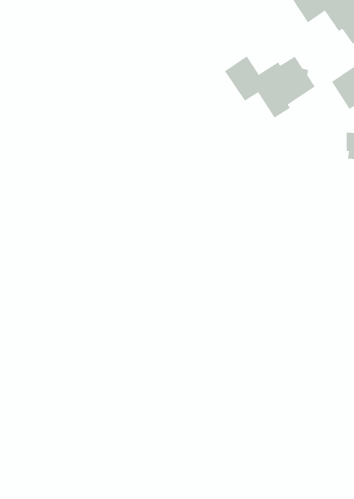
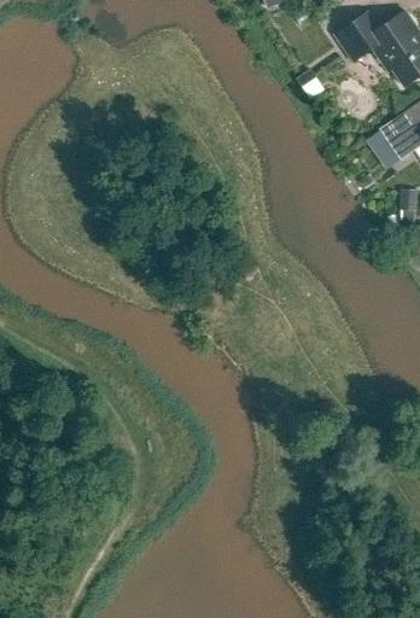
building: [224,55,315,119] -> none

